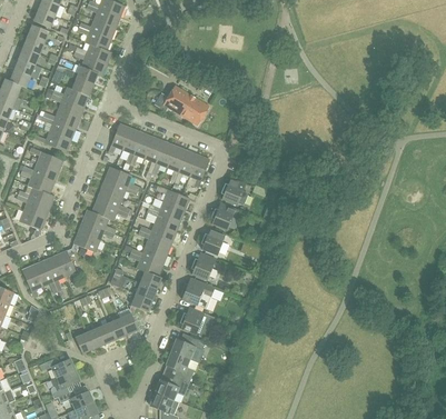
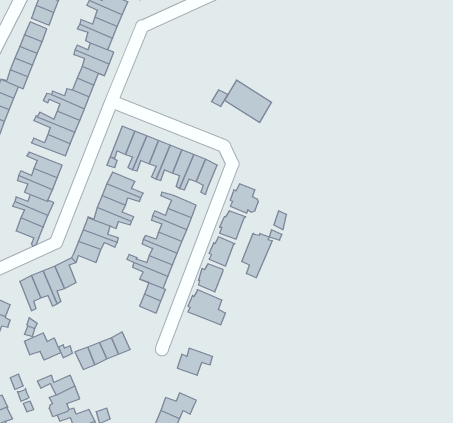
building: [163,84,208,124] -> [225,80,272,122]
building: none -> [242,233,272,278]
building: [119,292,151,333] -> none
building: [180,306,216,336] -> none
building: none -> [25,333,61,360]
building: [167,351,195,381] -> none

